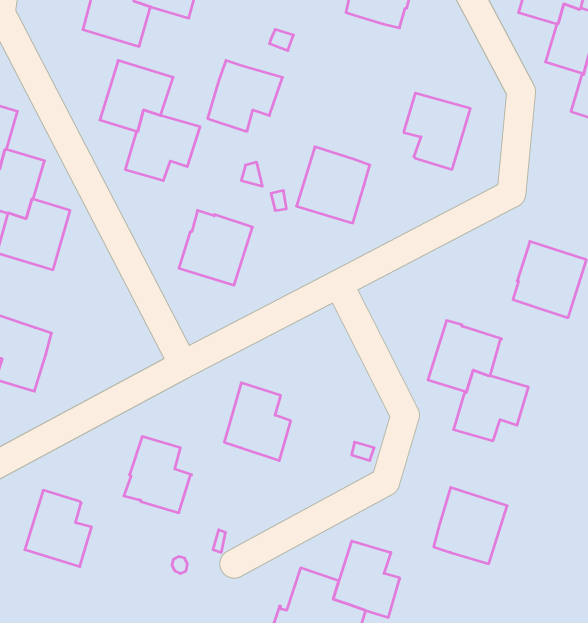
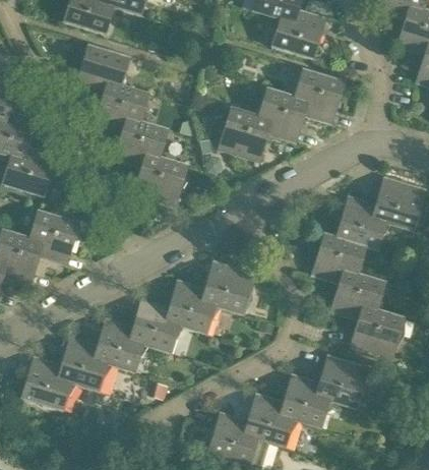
building: none -> [271,8,324,59]
building: [208,60,283,131] -> [114,118,168,169]
building: none -> [259,89,307,143]
building: none -> [336,195,385,250]
building: none -> [29,212,78,266]
building: none -> [202,259,254,313]
building: none -> [130,298,178,353]
building: none -> [350,304,404,360]
building: none -> [59,336,106,391]
building: none -> [281,372,328,427]

